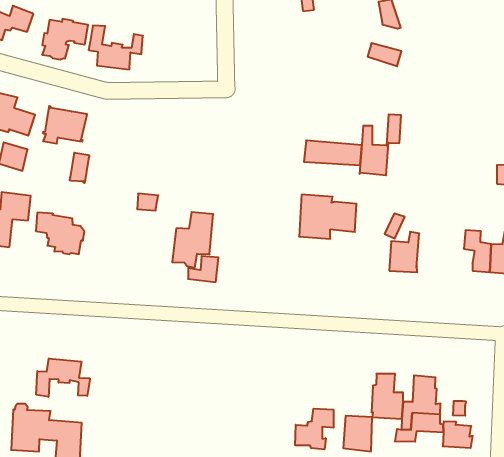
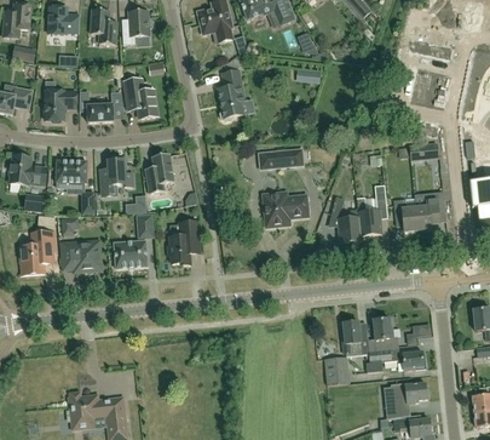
building: none -> [125,78,157,118]
building: none -> [219,69,244,121]
building: [360,114,401,175] -> [357,184,387,235]
building: none -> [100,156,133,192]
building: none -> [145,153,175,193]
building: none -> [115,240,148,268]
building: [36,358,90,397] -> none
building: [295,409,334,449] -> none

